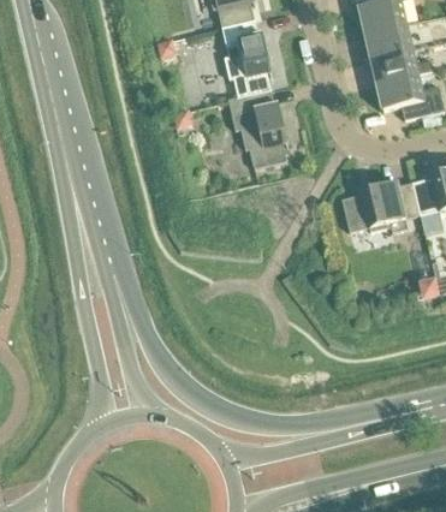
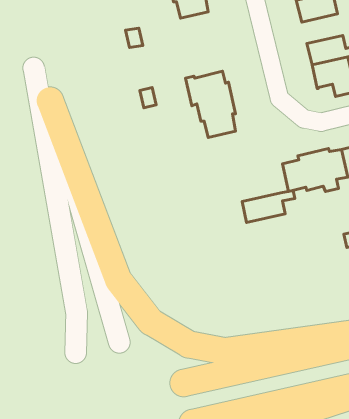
building: [364,22,412,56] -> none
building: [224,32,270,97] -> none
building: none -> [242,191,295,223]

